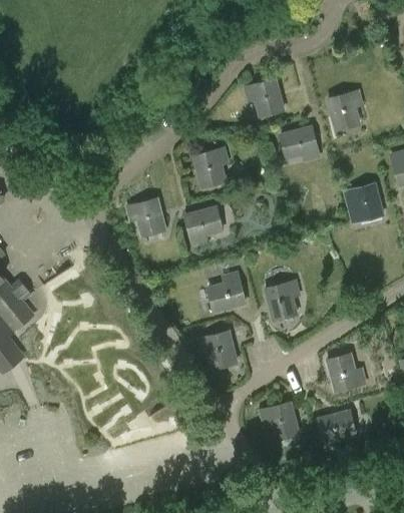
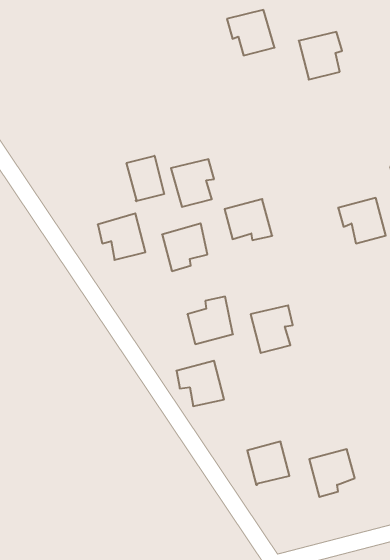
building: [243,77,286,118] -> [227,10,275,55]
building: [325,89,364,132] -> [299,32,342,80]
building: [278,124,321,161] -> [225,199,272,240]
building: none -> [127,156,164,201]
building: [324,352,367,393] -> none

